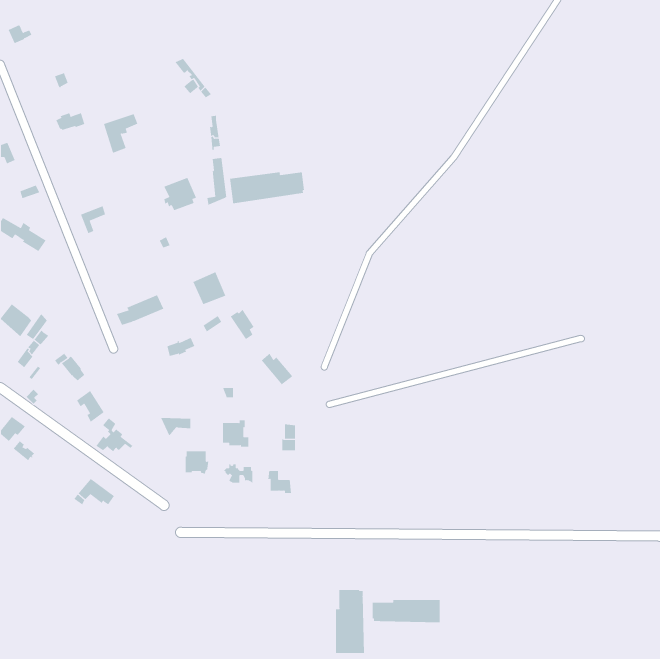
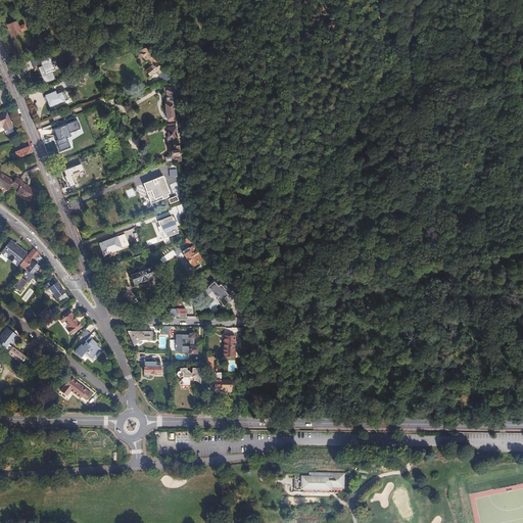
building: [103,113,138,153] -> [52,120,80,151]
building: [229,172,305,204] -> none
building: [163,177,197,211] -> [144,175,171,201]
building: [336,589,365,654] -> none

